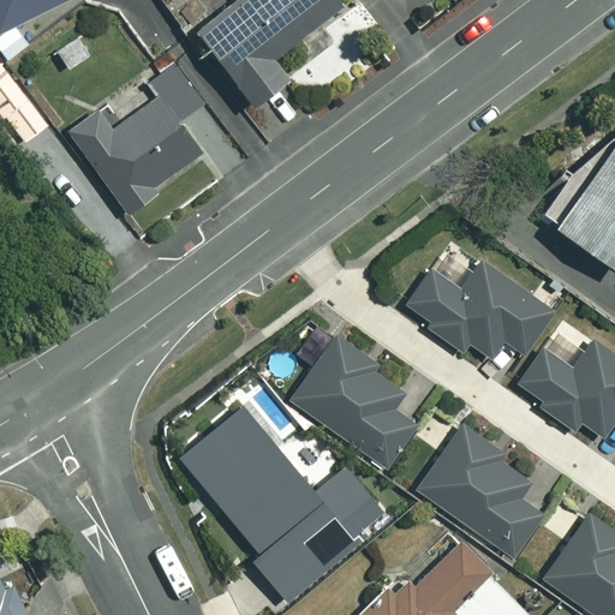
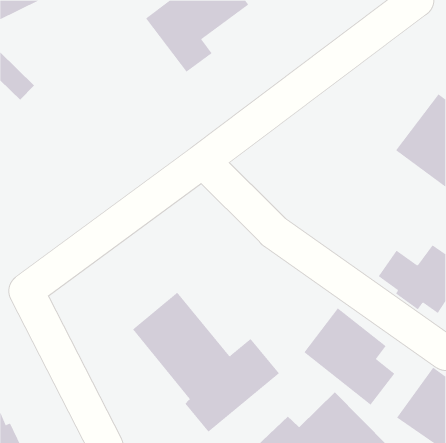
building: [71,66,204,213] -> none
building: [408,262,553,358] -> none
building: [289,338,417,471] -> none

